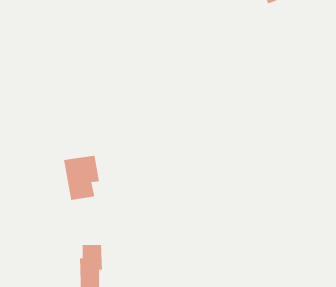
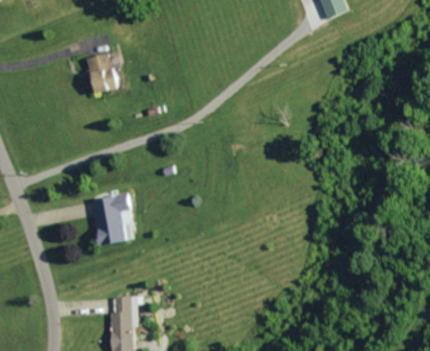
building: none -> [84,53,117,93]

